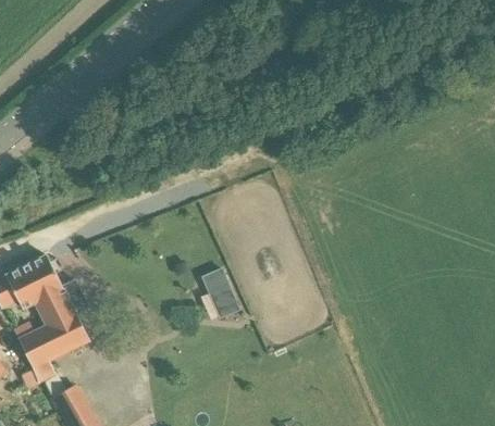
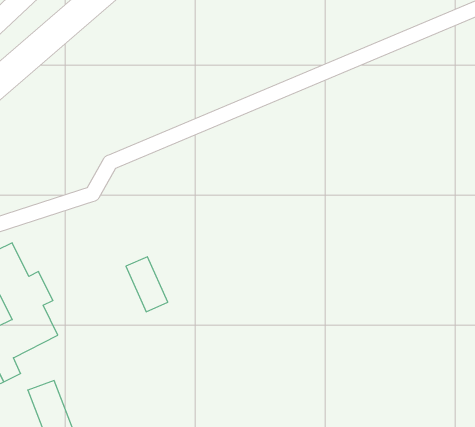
building: [201,266,239,316] -> [126,257,168,312]

